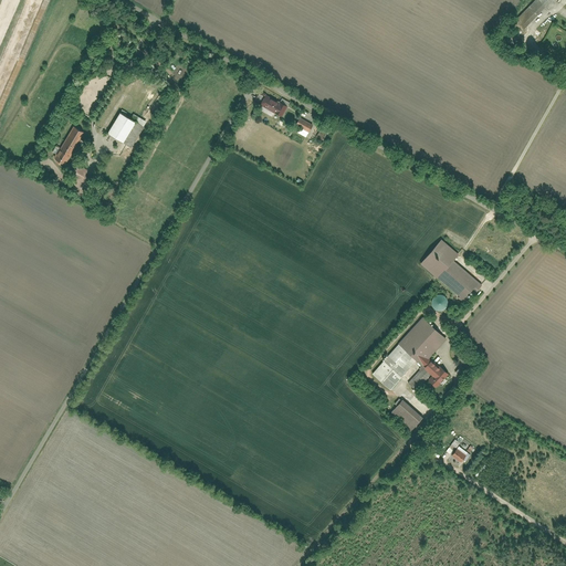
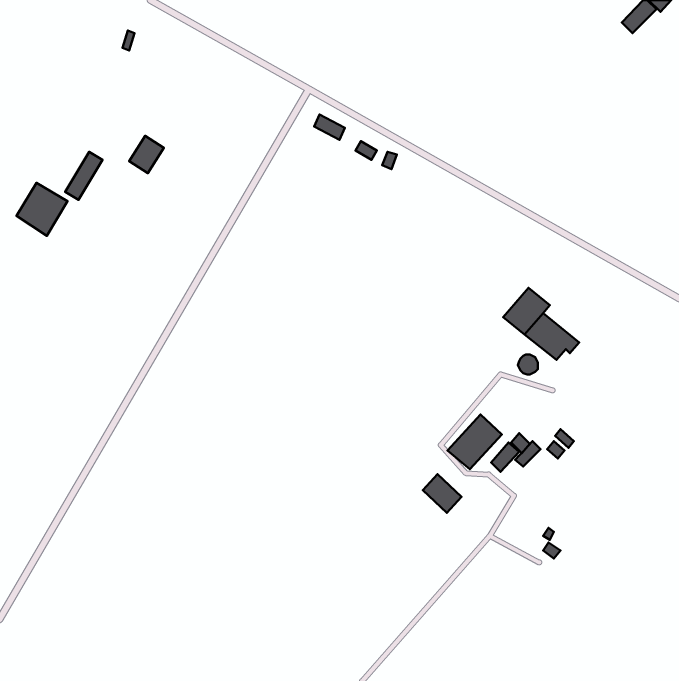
building: none -> [17,183,68,236]
building: [399,317,446,365] -> none
building: [390,399,422,431] -> [423,474,461,513]

